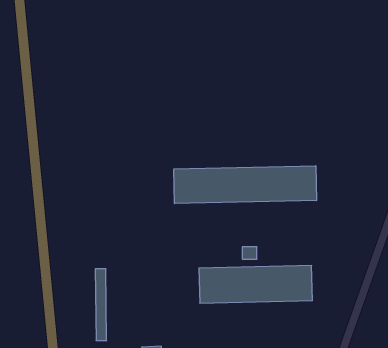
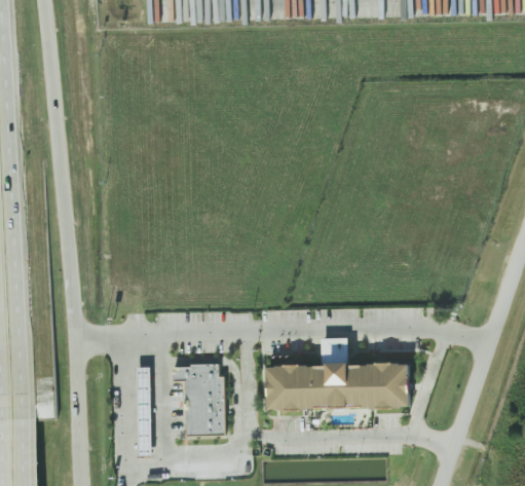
building: [174,166,316,204] -> none
building: none -> [174,365,225,436]

